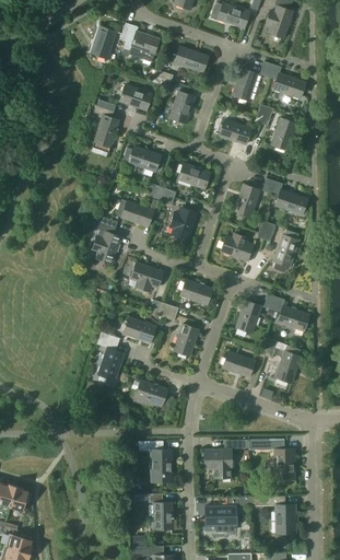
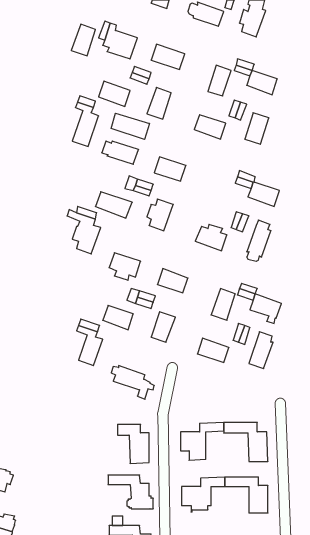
building: none -> [111,113,149,139]
building: [234,185,259,218] -> none

